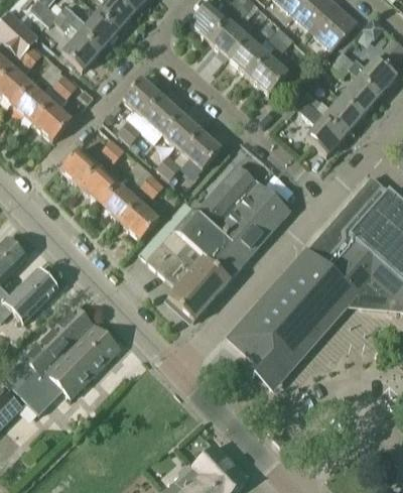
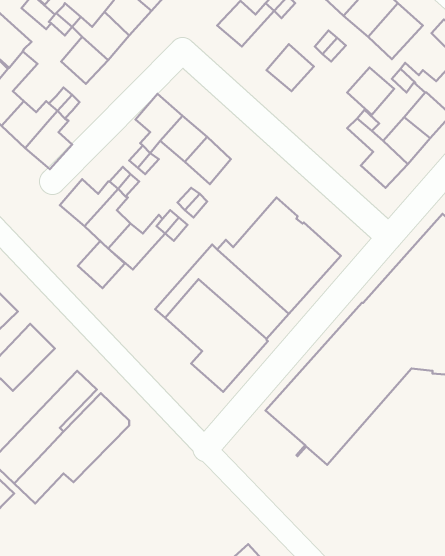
building: [210,19,248,58] -> none
building: [250,55,288,94] -> [347,68,394,115]
building: [183,131,221,168] -> none
building: [121,201,159,239] -> [78,241,125,288]

